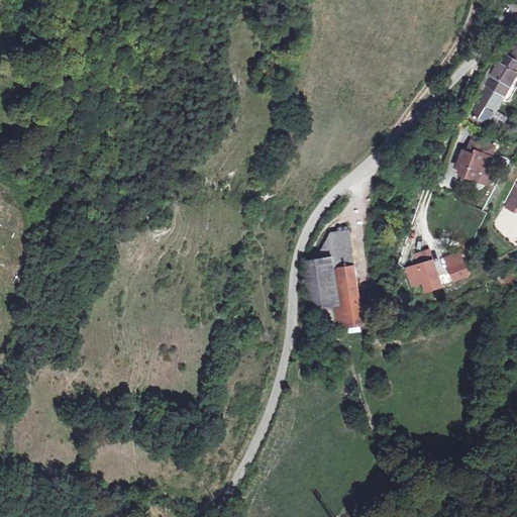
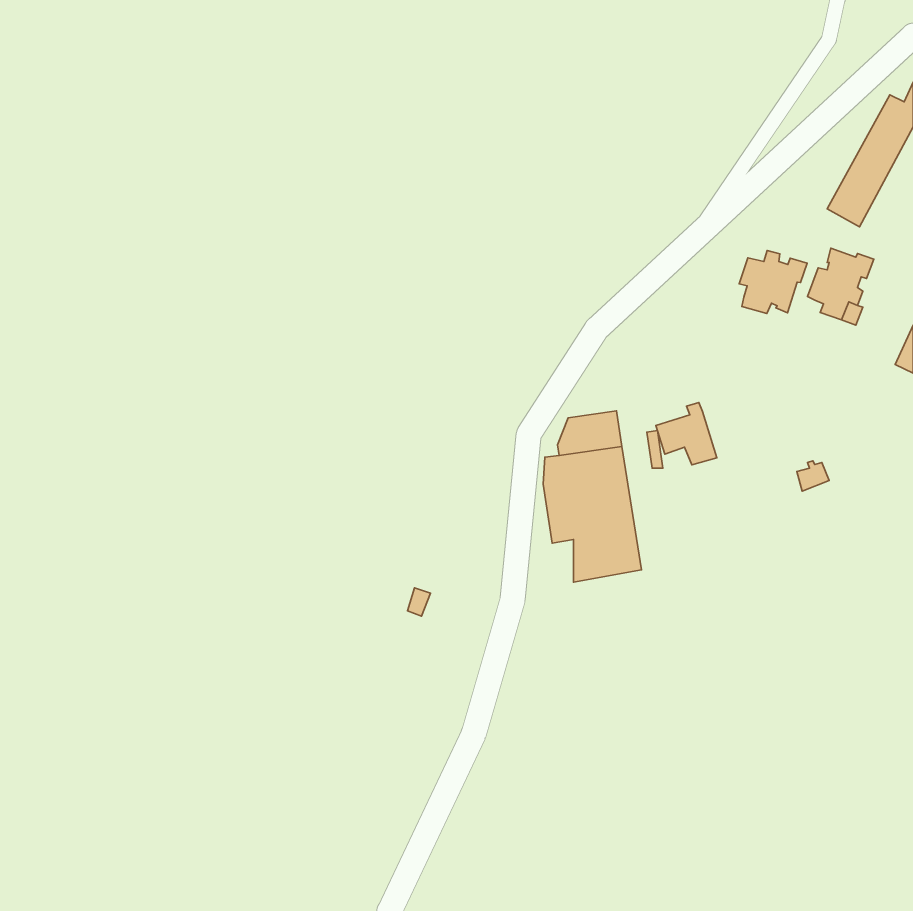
building: none -> [739,250,807,313]
building: [406,254,440,290] -> [656,402,717,465]

